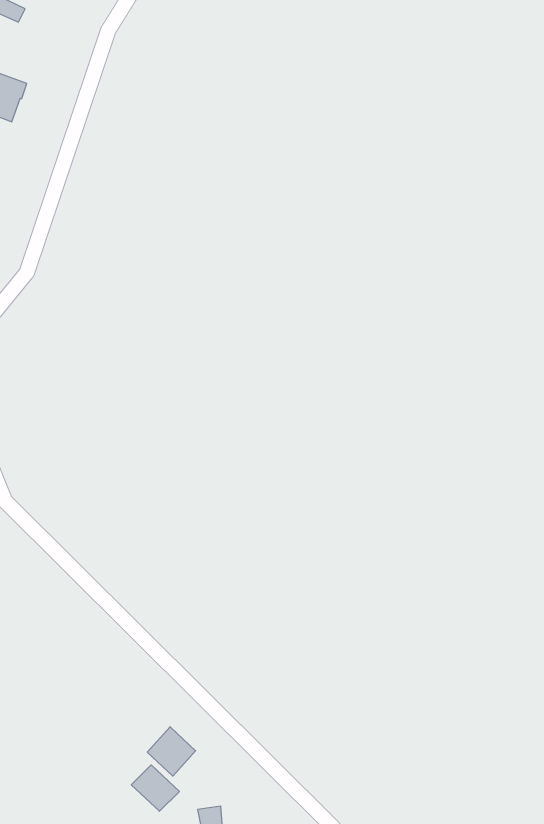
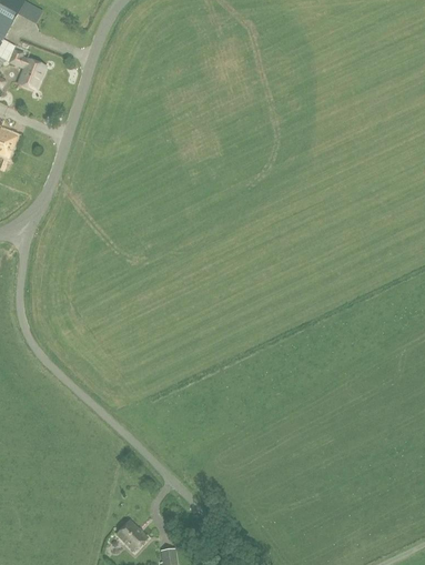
building: [147,727,196,776] -> none

